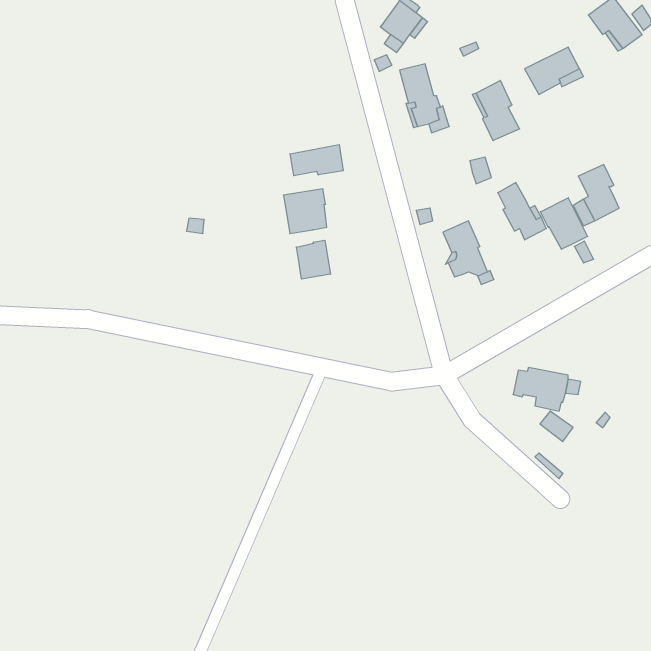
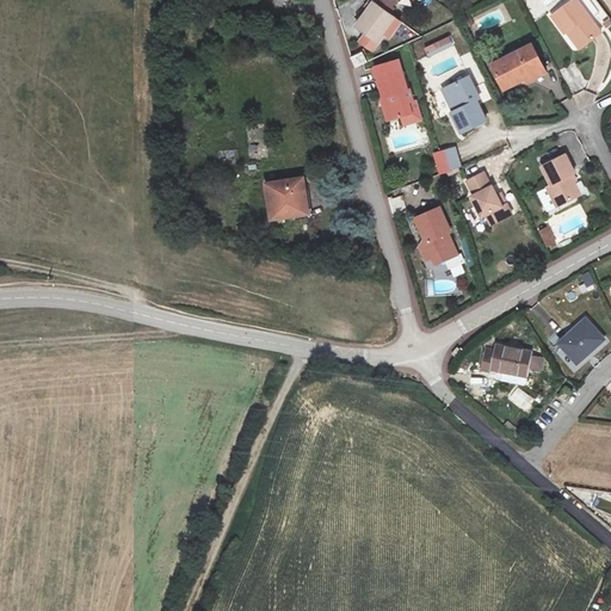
building: [290,145,343,176] -> none
building: [540,198,588,249] -> none
building: [296,240,331,279] -> none
building: none -> [557,317,603,363]

